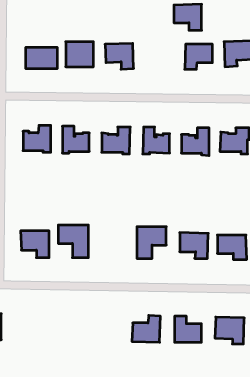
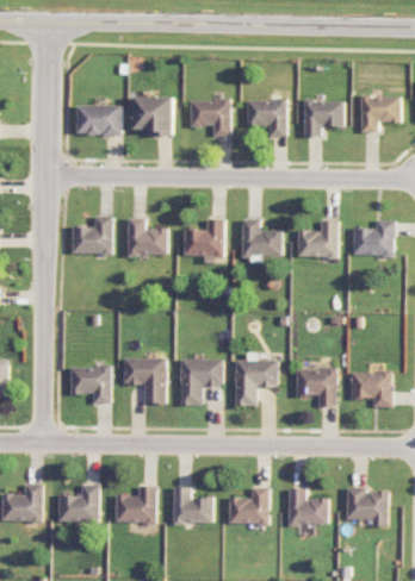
building: [174,4,202,30] -> [247,100,286,137]
building: none -> [180,360,223,406]
building: none -> [57,485,99,523]
building: none -> [116,486,156,524]
building: none -> [173,487,212,524]

